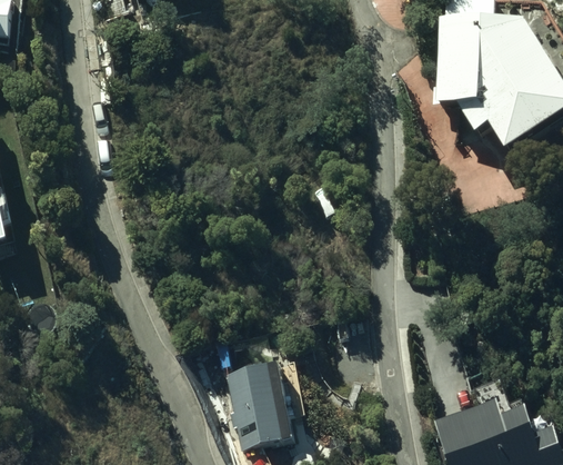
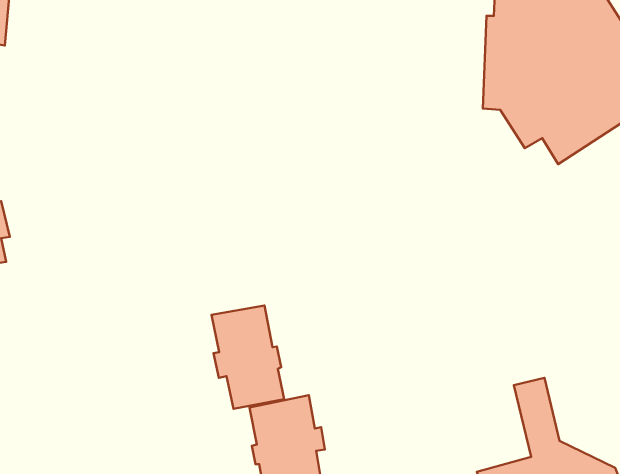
building: none -> [211,305,284,409]

